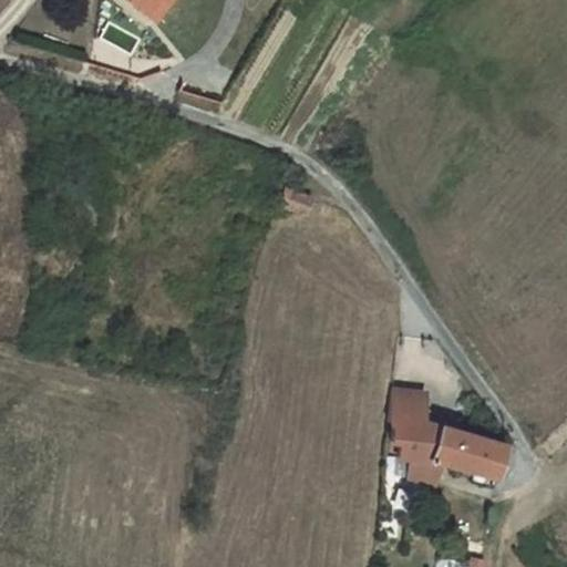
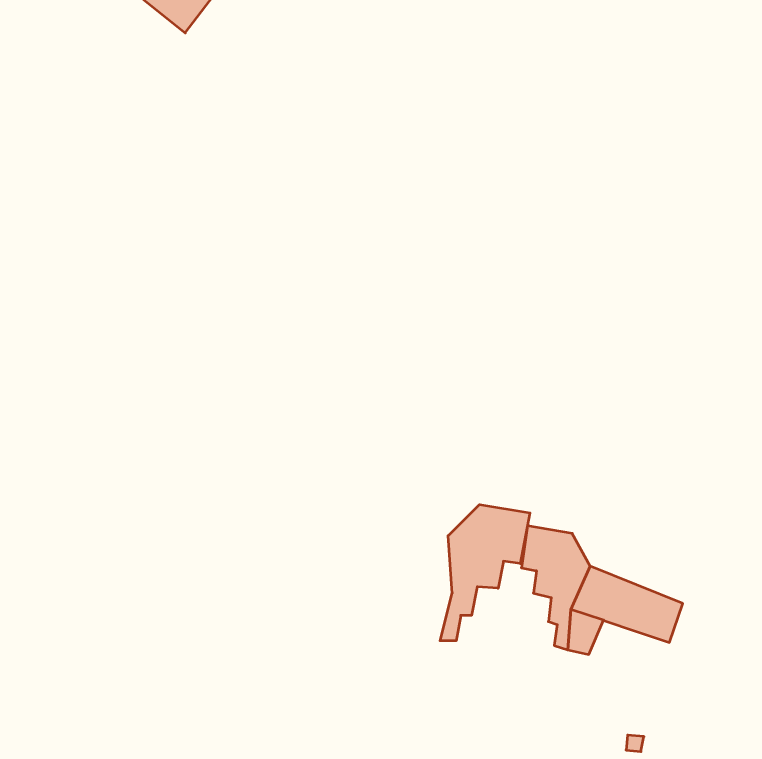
building: none -> [440,505,530,641]

